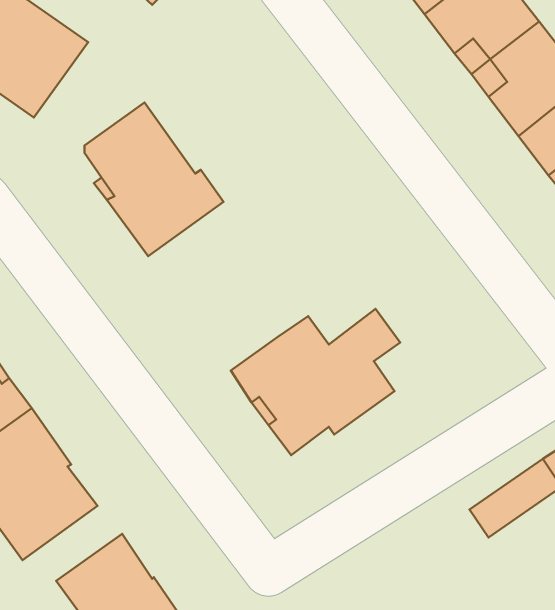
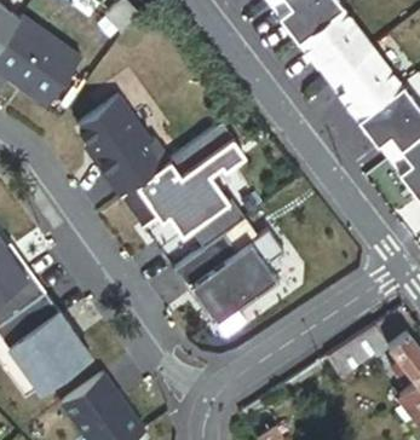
building: none -> [120,123,244,248]

